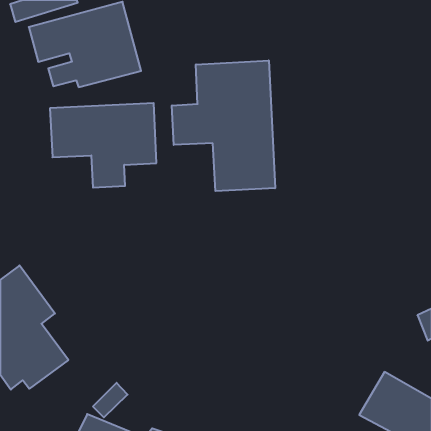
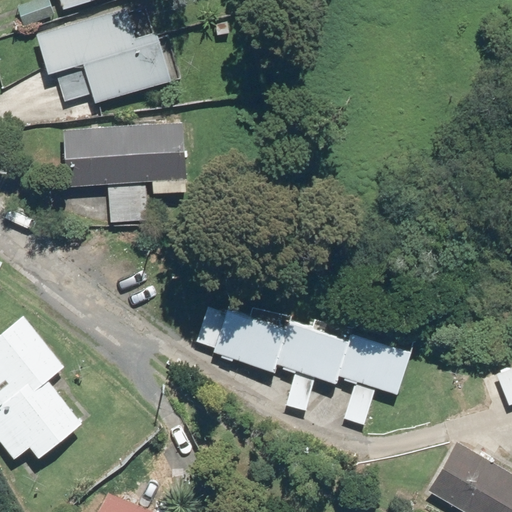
building: [172,60,275,191] -> none
building: none -> [193,299,409,427]

